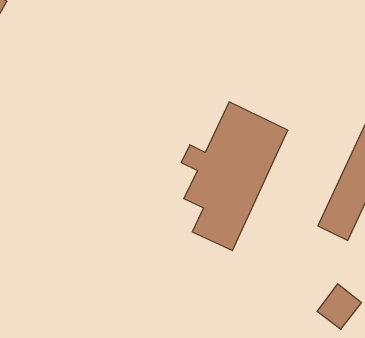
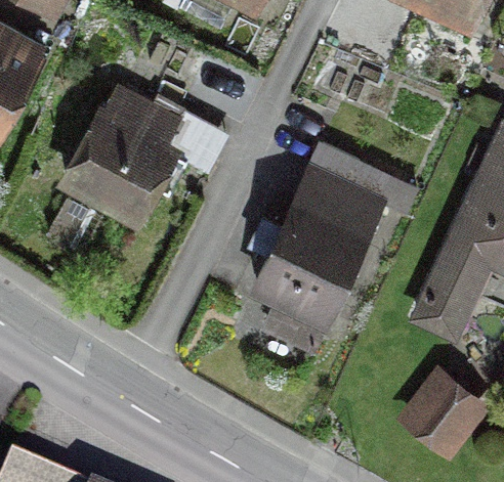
building: none -> [67,88,187,216]

